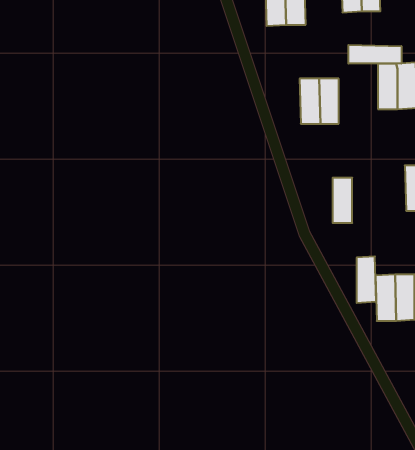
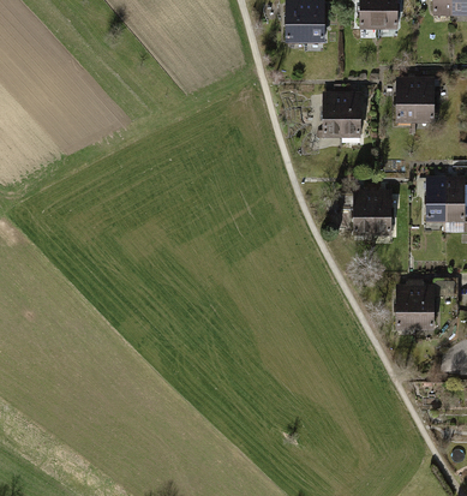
building: [348,45,401,64] -> none
building: [357,256,376,303] -> [371,190,390,235]

